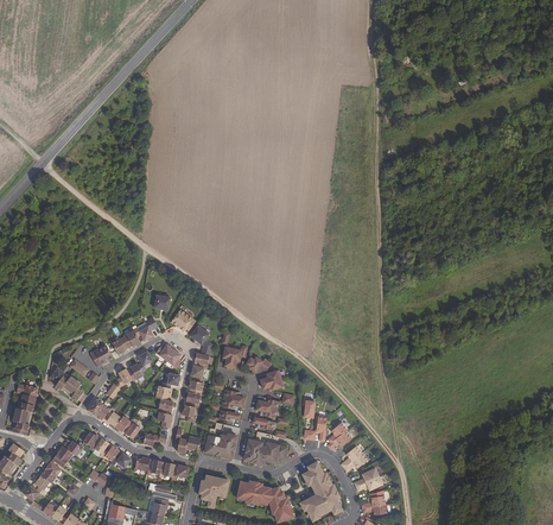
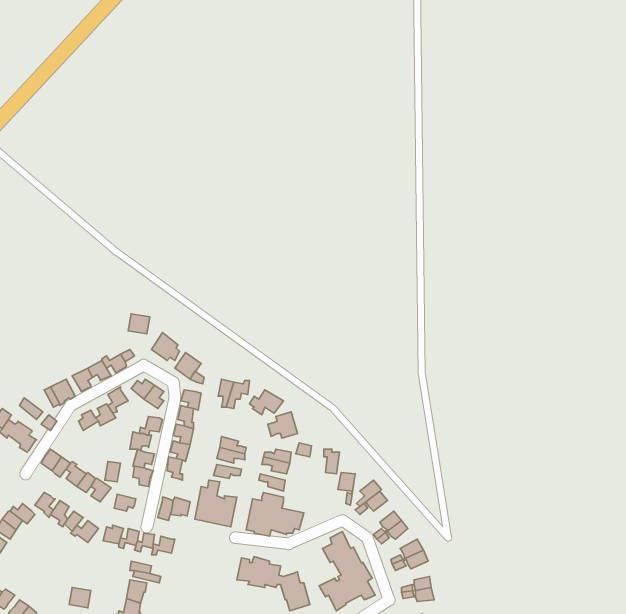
building: [198,475,228,507] -> none

